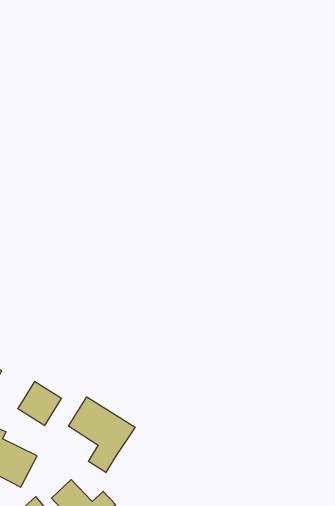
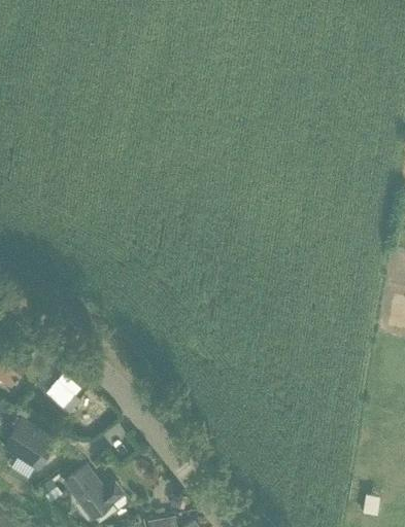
building: [69,397,135,473] -> none

